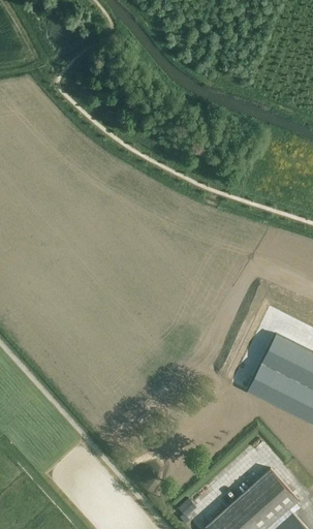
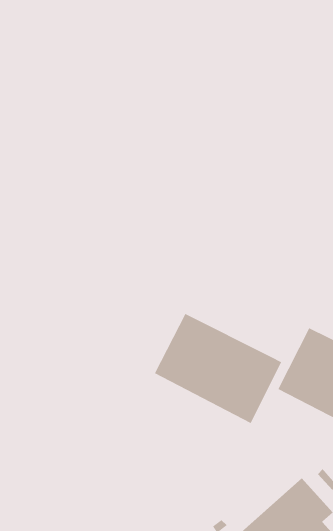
building: none -> [154,313,282,424]

